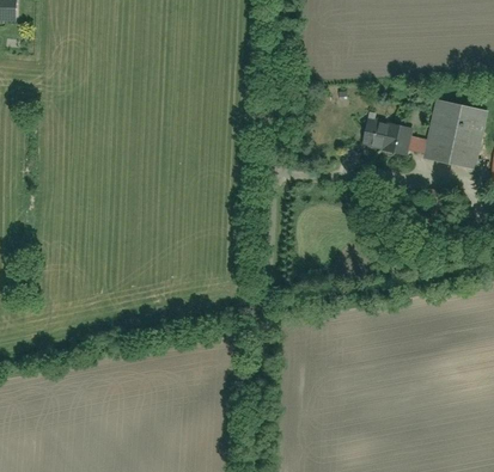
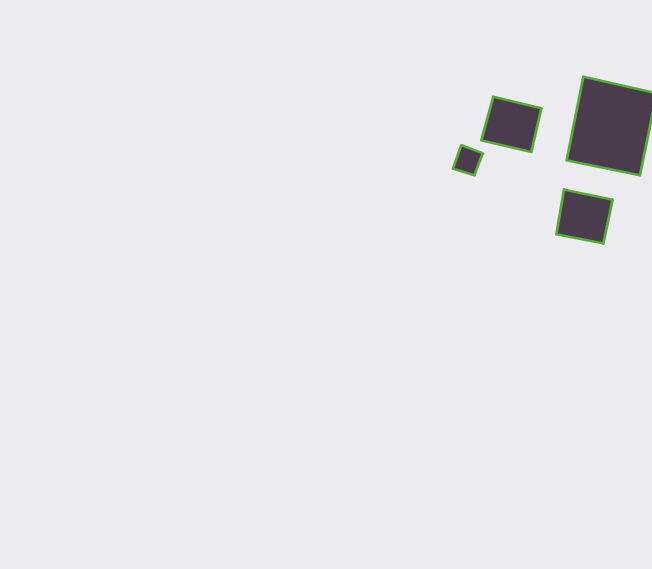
building: none -> [556,189,612,244]

